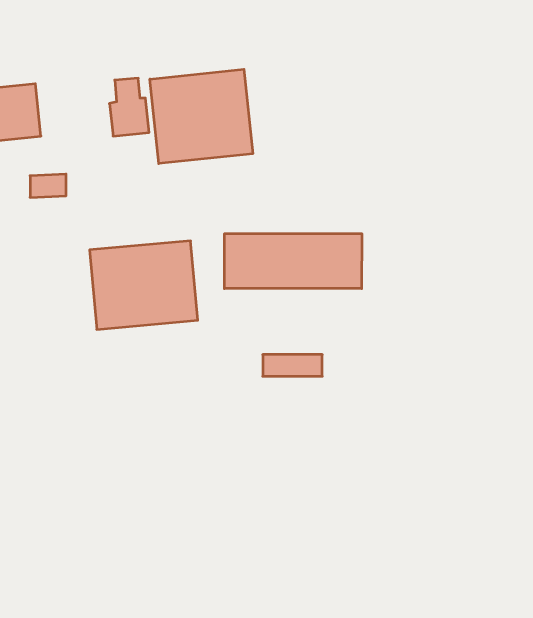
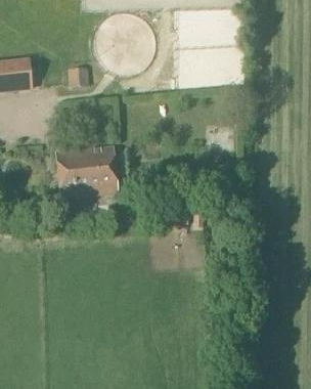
building: [150,69,253,164] -> none
building: [224,234,362,289] -> none

